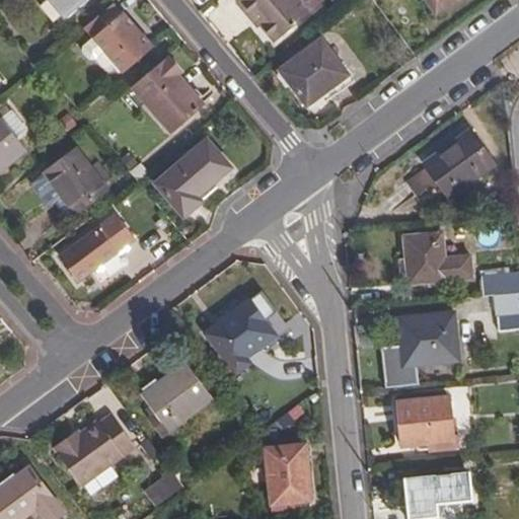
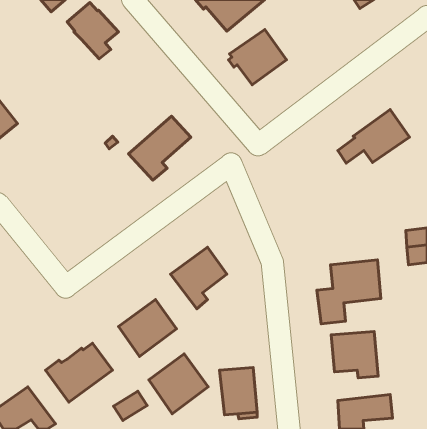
building: [129,55,202,132] -> none
building: [41,149,102,213] -> none
building: [56,217,129,283] -> none
building: [407,234,472,285] -> none
building: none -> [149,354,208,414]

